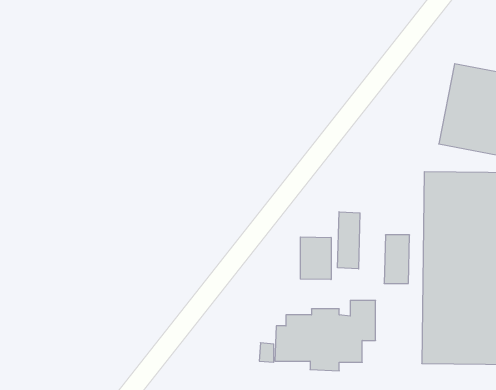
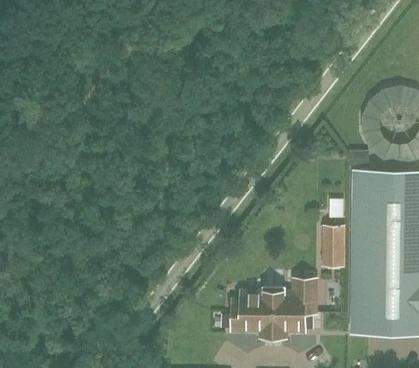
building: [338,212,360,269] -> none
building: [300,237,331,280] -> none

